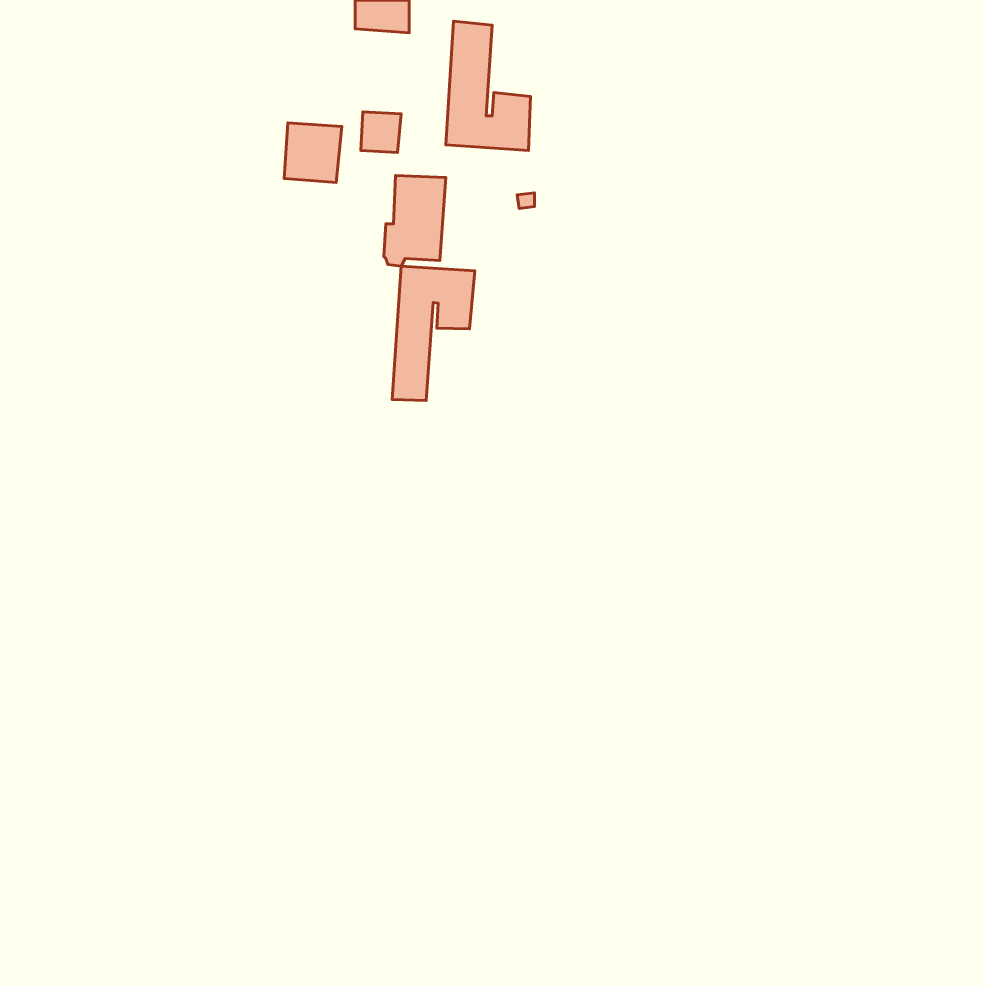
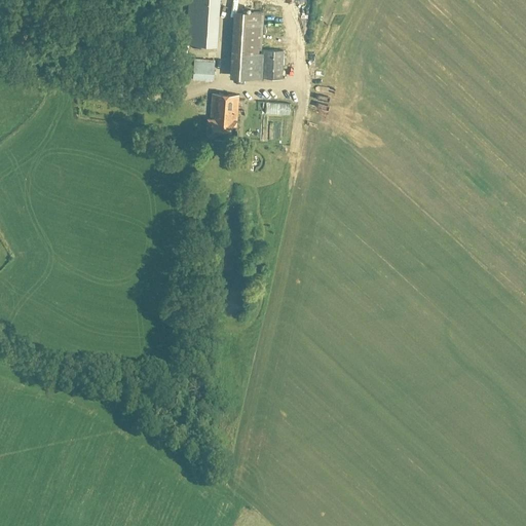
building: [284,123,342,183] -> [187,15,218,47]
building: [392,266,475,400] -> none

